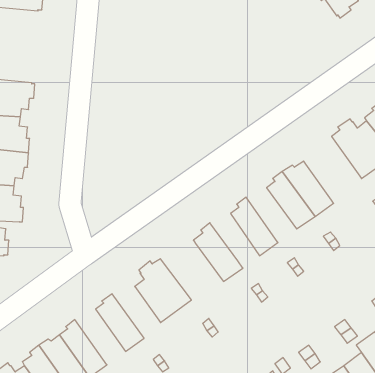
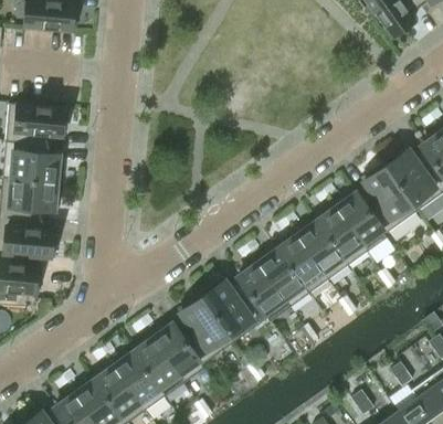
building: none -> [358,166,418,234]
building: none -> [294,221,348,279]
building: none -> [255,248,304,299]
building: none -> [202,278,267,341]
building: none -> [150,324,204,382]
building: none -> [110,351,165,411]

